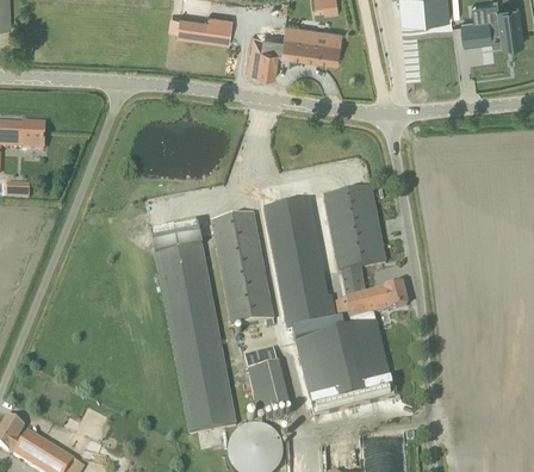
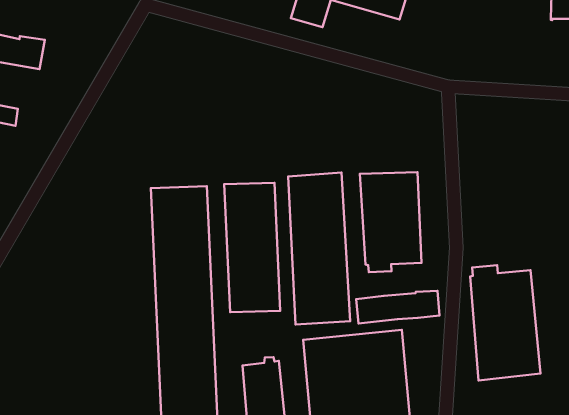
building: none -> [470,265,541,380]

